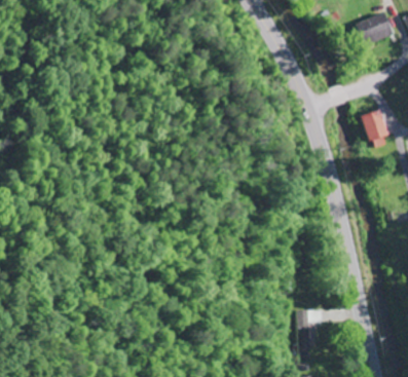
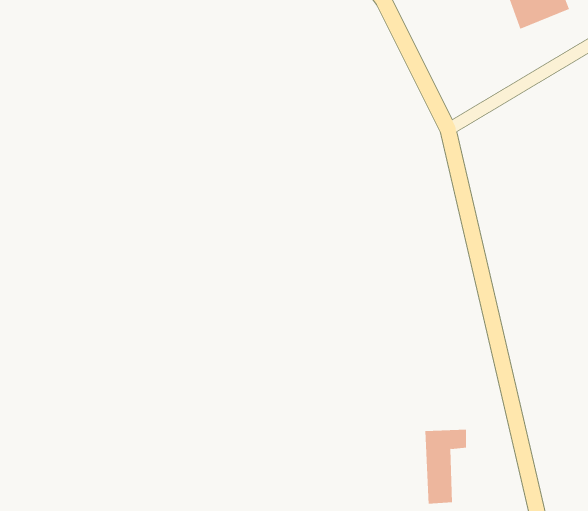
building: [359,109,390,148] -> none

